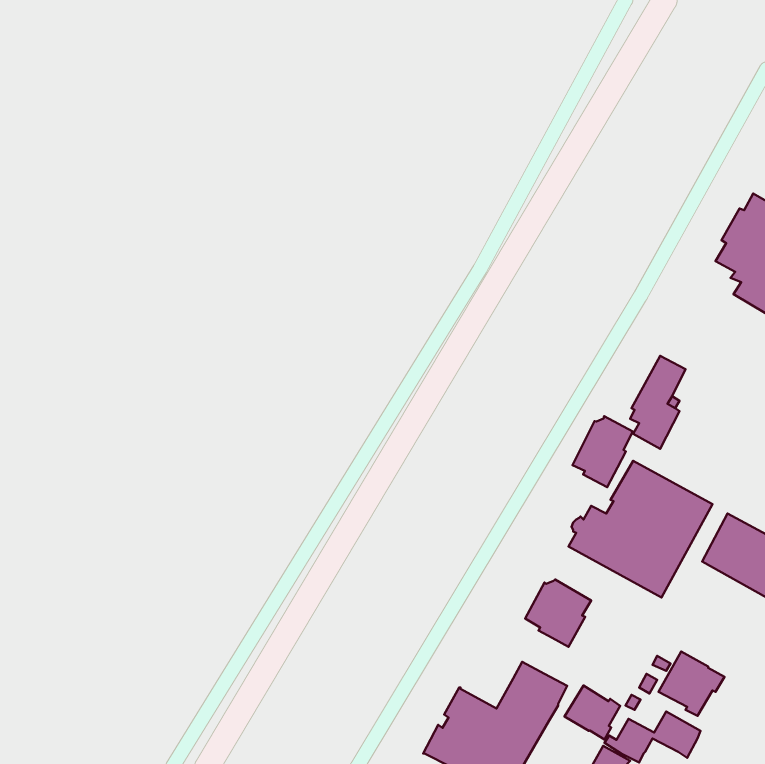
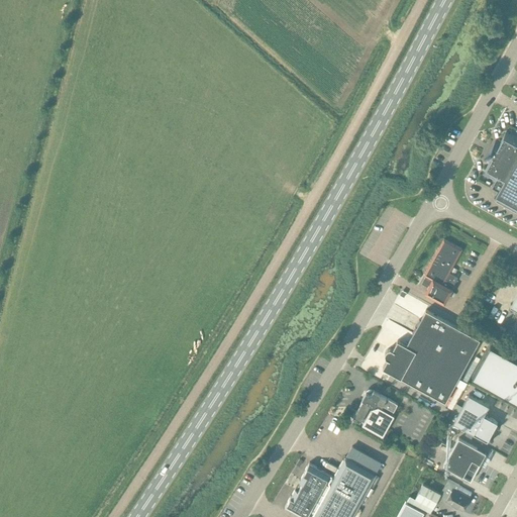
building: [572,416,633,487] -> none
building: none -> [454,396,499,442]
building: [565,685,620,739] -> none

